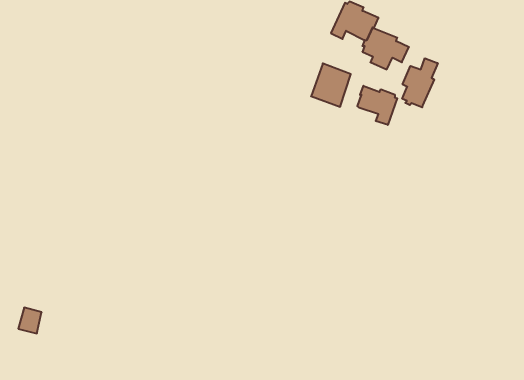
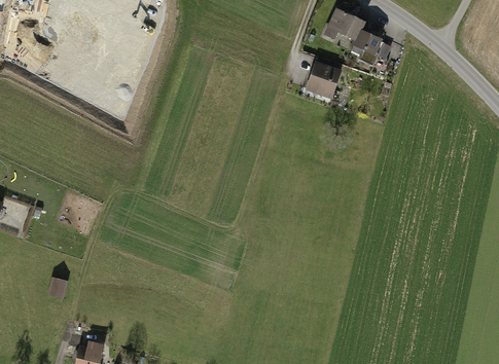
building: [402,58,438,107] -> none
building: [357,86,397,125] -> none

